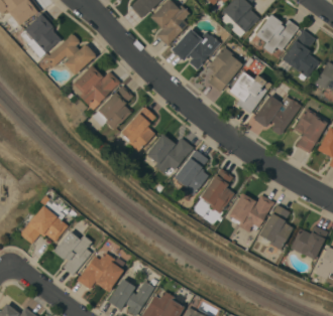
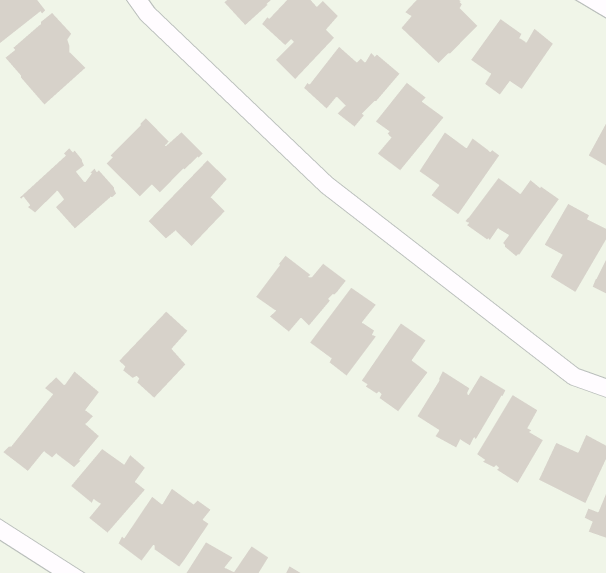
building: [283,29,320,77] -> none
building: [46,33,96,74] -> [19,148,117,229]
building: [121,107,156,151] -> [118,311,188,399]

